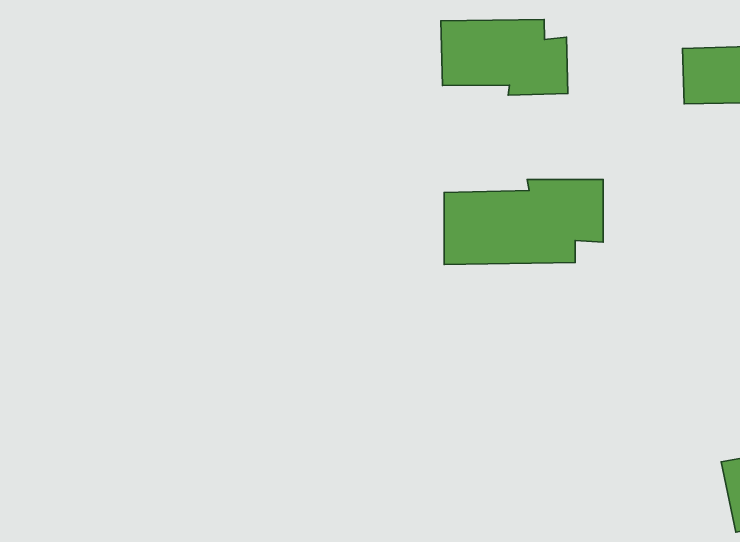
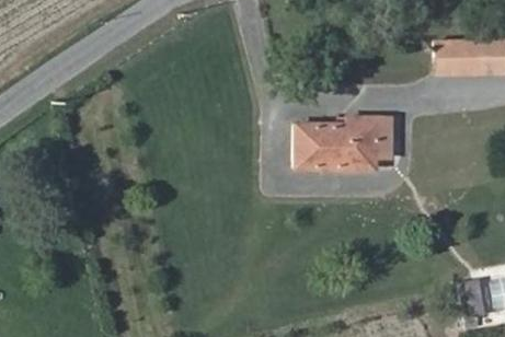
building: [441,20,568,95] -> none

